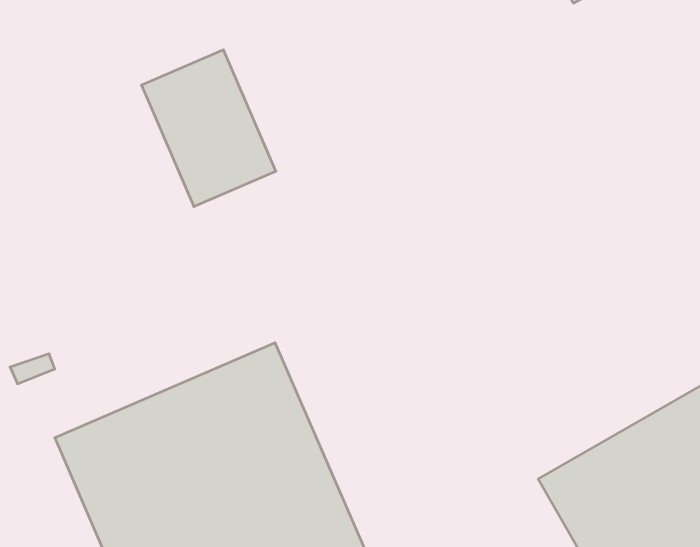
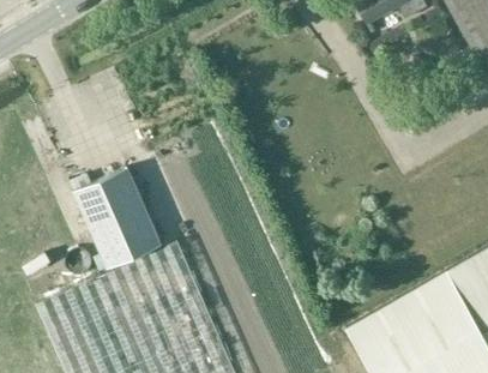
building: [141,50,276,207] -> [74,167,161,267]

